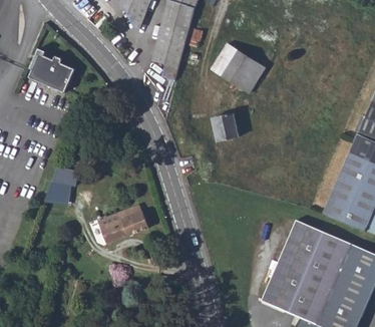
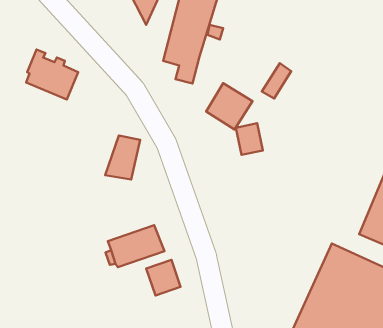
building: [212,45,253,86] -> [206,83,253,130]
building: [46,167,77,206] -> [105,135,140,180]
building: none -> [146,260,181,295]

